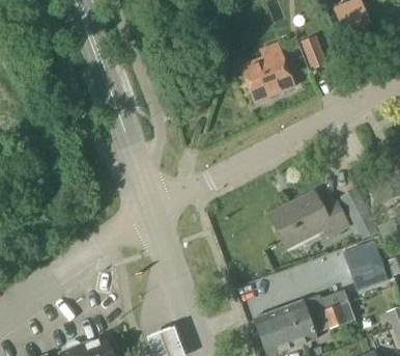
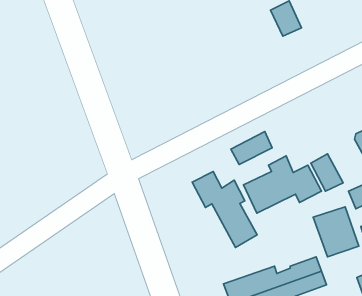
building: [240,43,294,102] -> none
building: none -> [231,132,272,165]
building: none -> [192,171,257,247]

